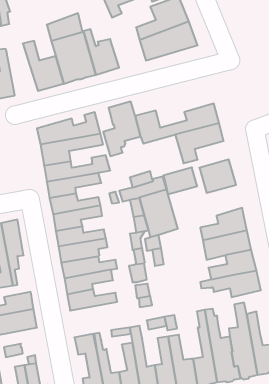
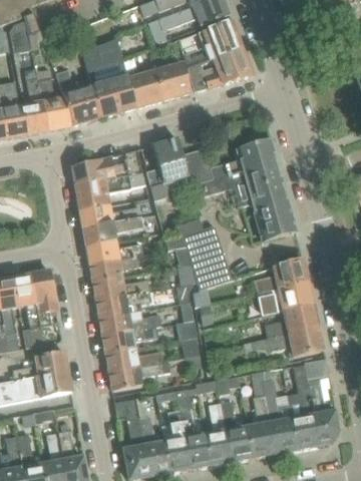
building: none -> [153,62,190,99]
building: none -> [35,69,72,130]
building: [163,167,197,194] -> [249,181,287,211]
building: none -> [108,361,169,391]

